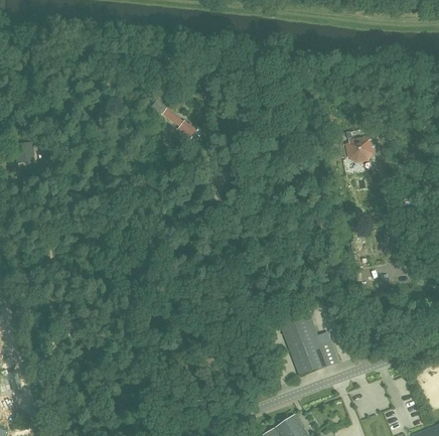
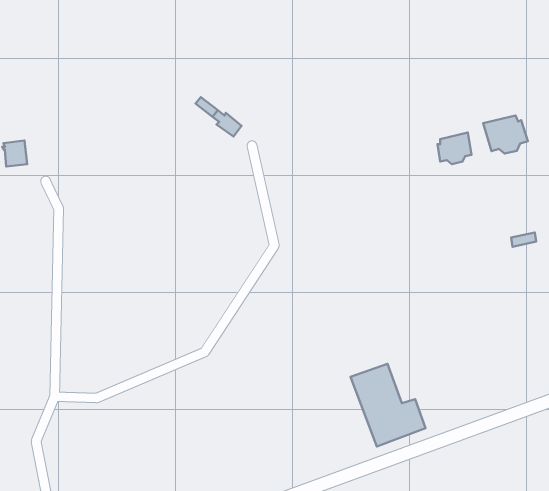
building: none -> [483,116,528,154]

